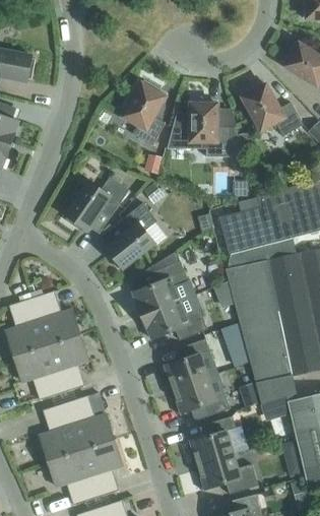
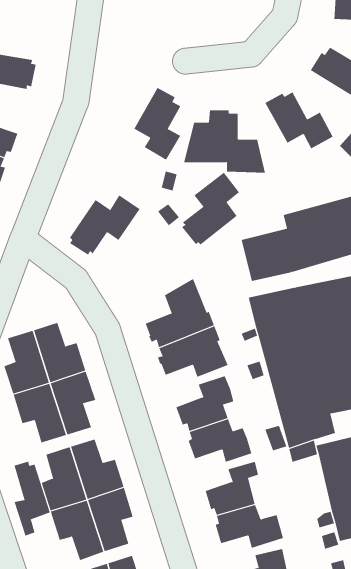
building: [105,202,157,268] -> [181,172,240,245]
building: none -> [14,461,51,537]

